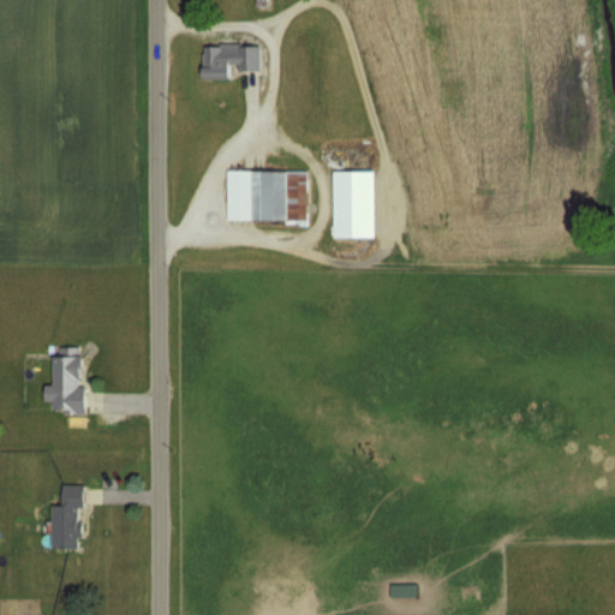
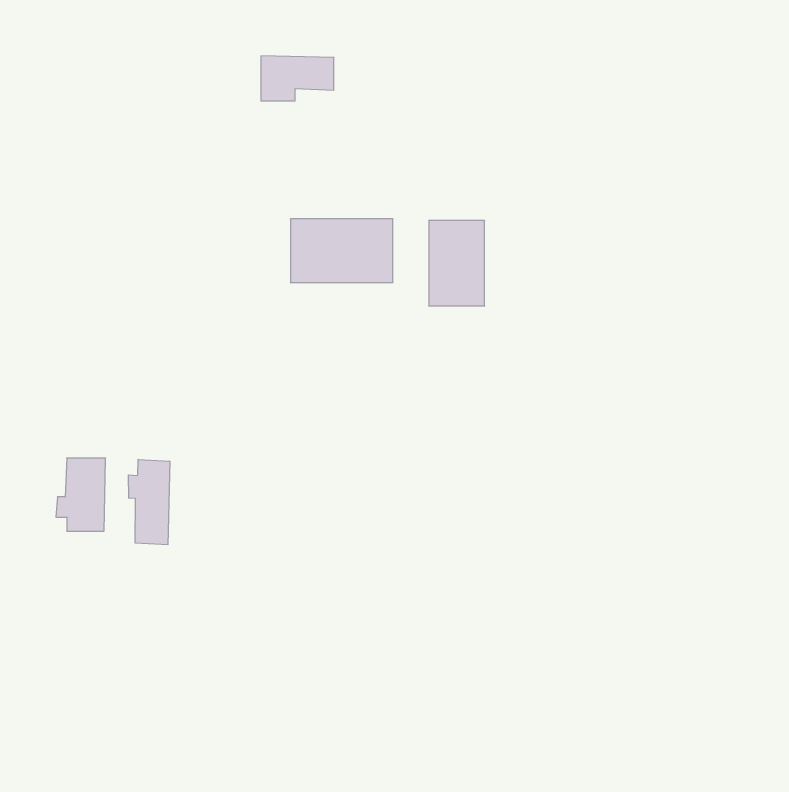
building: none -> [129,459,170,545]
building: [50,485,80,548] -> none

